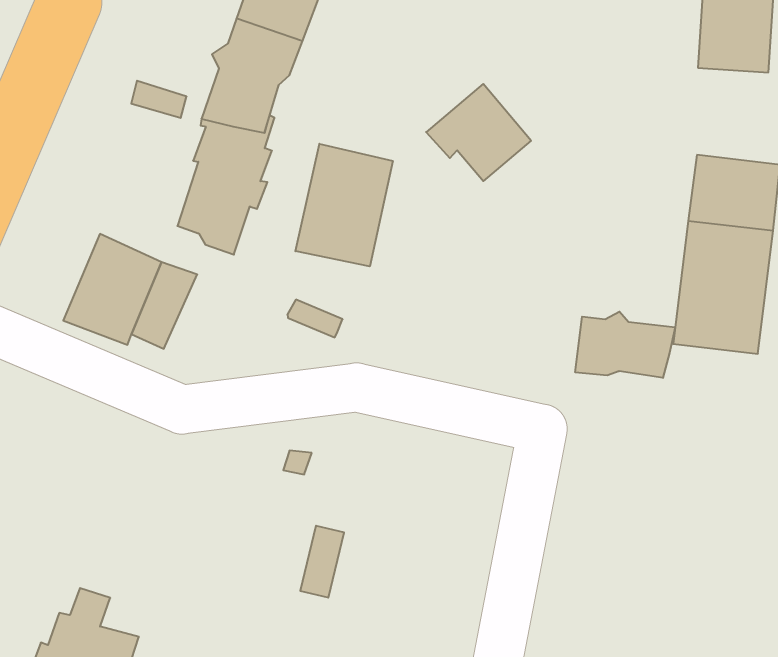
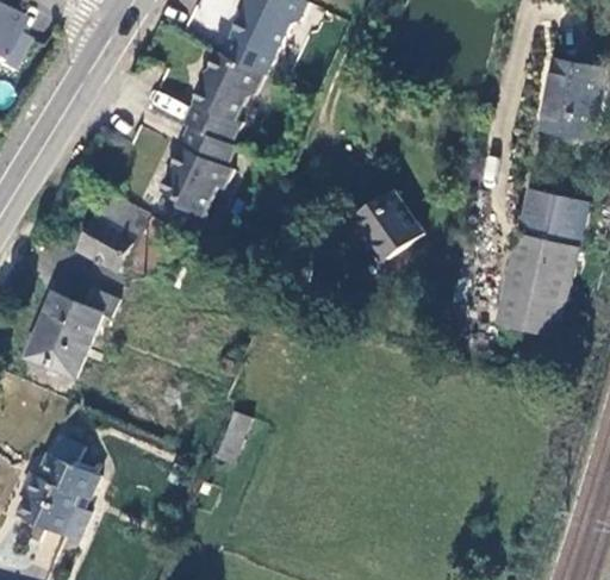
building: [426,84,531,181] -> [350,188,423,256]
building: [295,144,393,266] -> none
building: [575,312,675,378] -> none
building: none -> [23,292,101,378]

